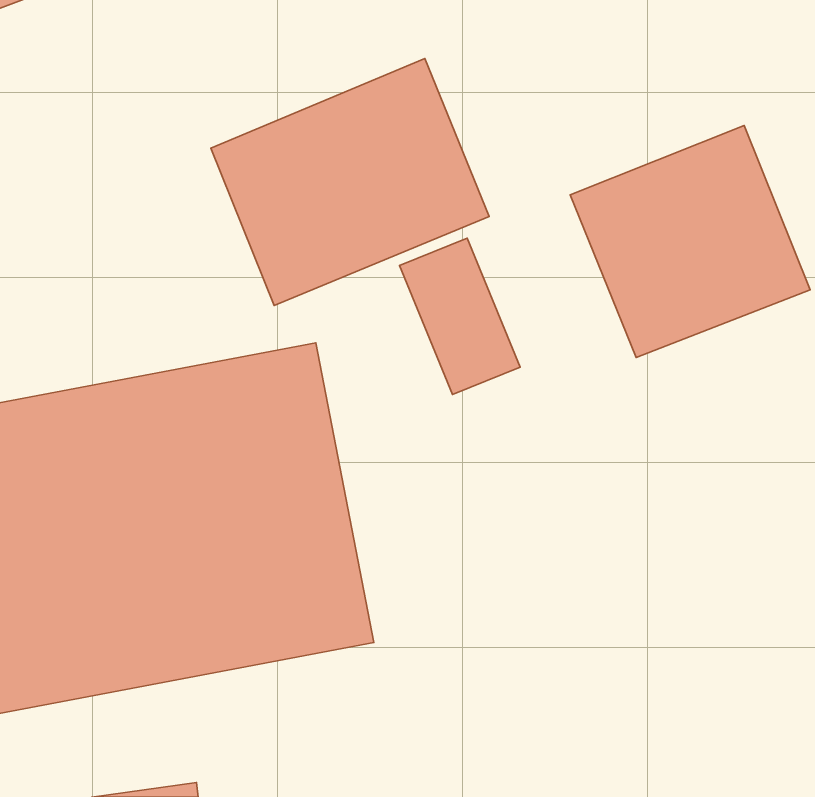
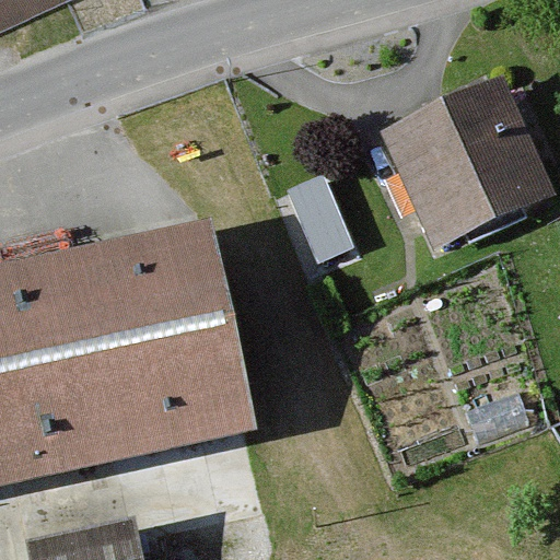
building: [211,58,489,305] -> none

